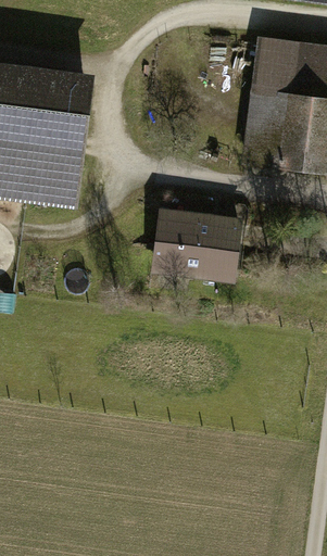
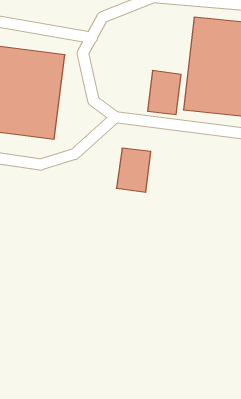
building: [196,216,240,275] -> [148,70,181,115]

